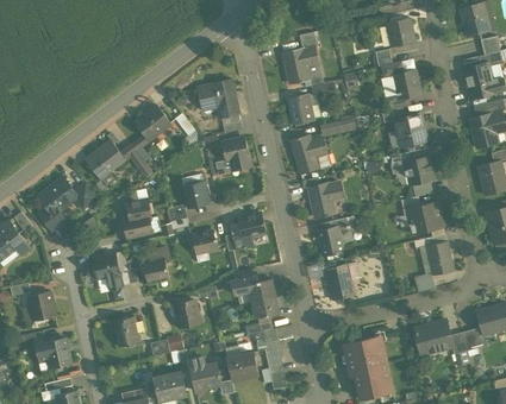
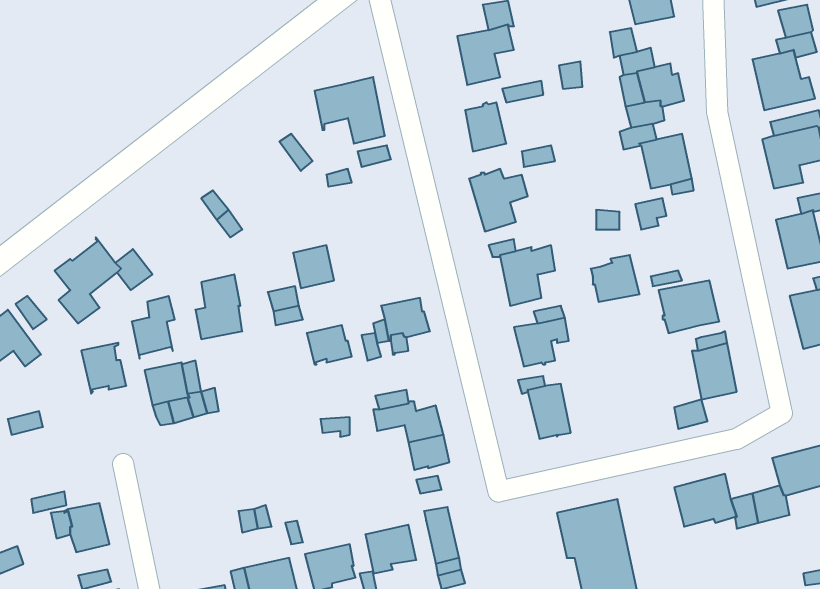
building: [135,107,170,140] -> none
building: [215,138,251,175] -> none
building: [86,141,126,181] -> none
building: [405,157,435,185] -> [591,255,640,302]
building: [144,247,170,285] -> [132,296,175,359]
building: [29,291,56,322] -> [81,343,126,394]
building: [176,301,201,328] -> none
building: [114,317,140,347] -> none

